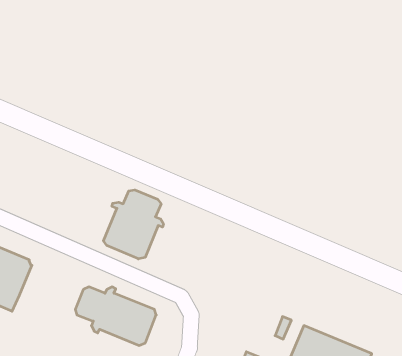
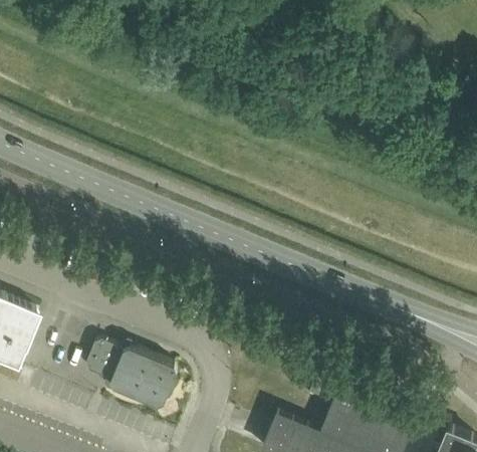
building: [103,190,163,259] -> none

